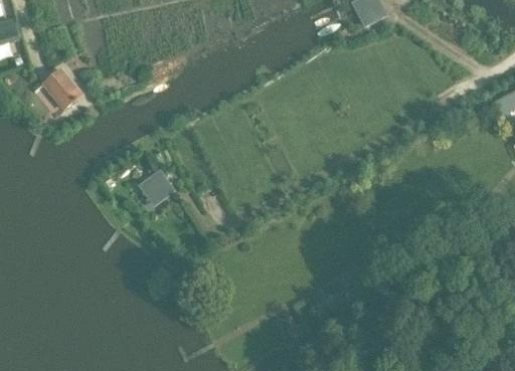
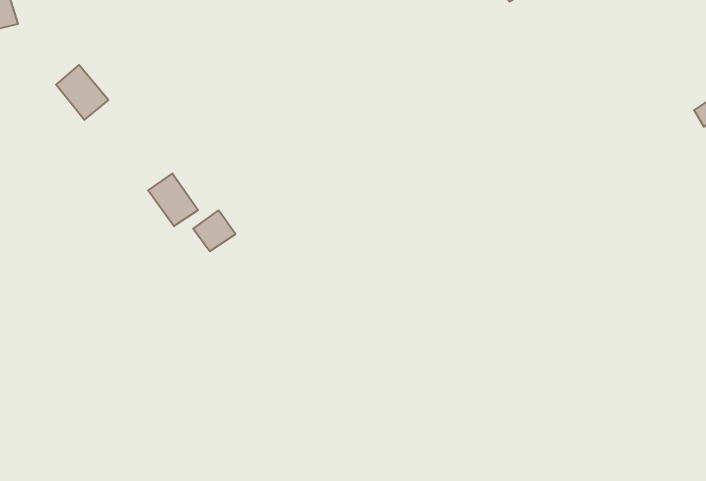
building: none -> [148,173,198,226]

